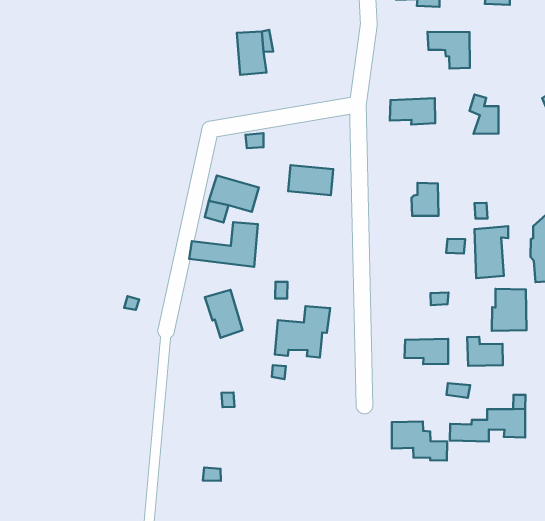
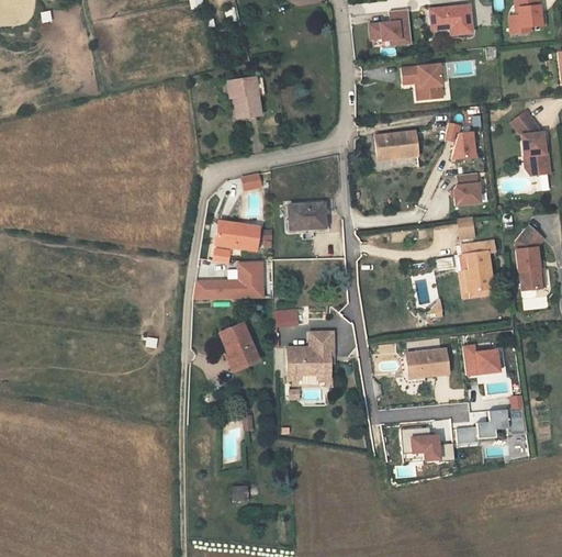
building: [411,183,438,216] -> [454,174,481,205]
building: [492,289,526,331] -> none

